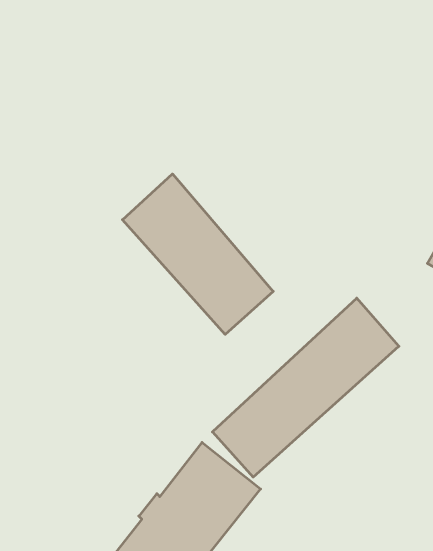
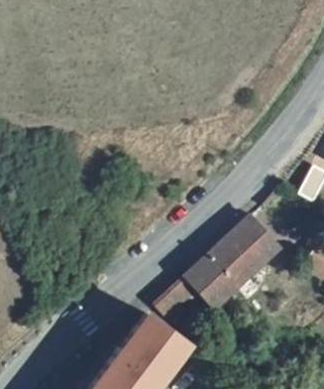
building: [122,174,273,334] -> none

